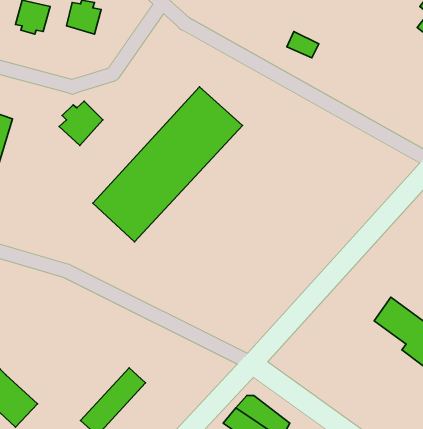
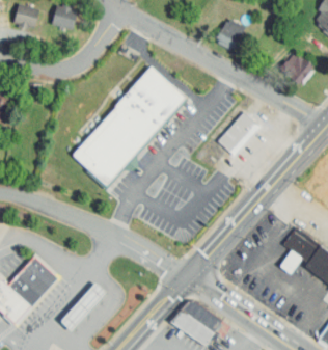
building: none -> [279,55,311,83]
building: [59,101,103,146] -> none
building: none -> [215,111,257,155]
building: none -> [6,257,55,306]

